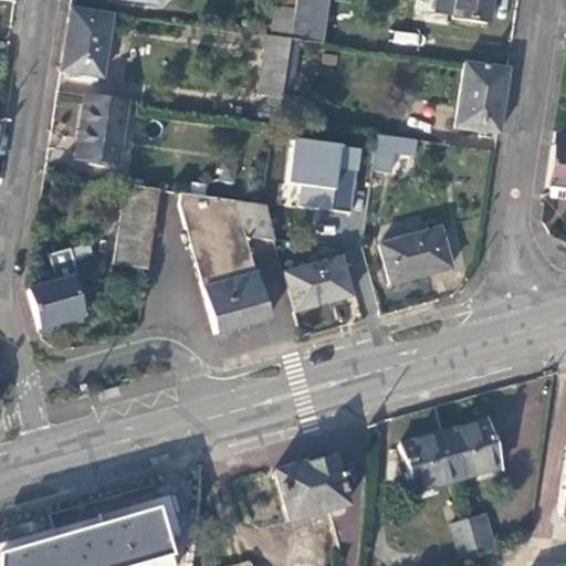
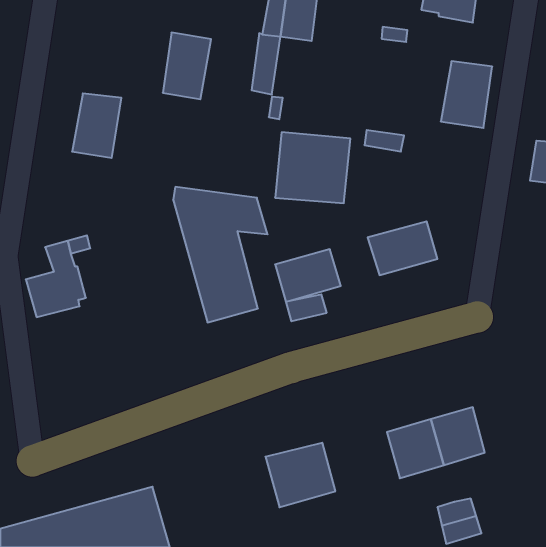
building: [64,8,114,76] -> [163,33,211,99]
building: [115,185,161,266] -> none

